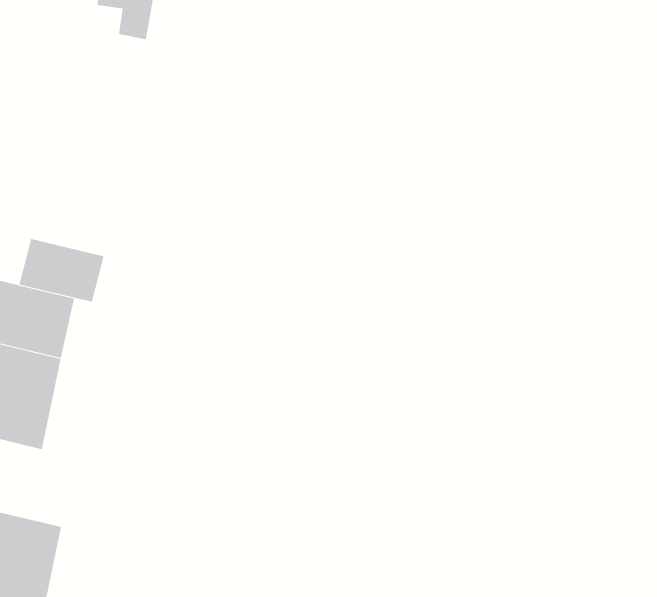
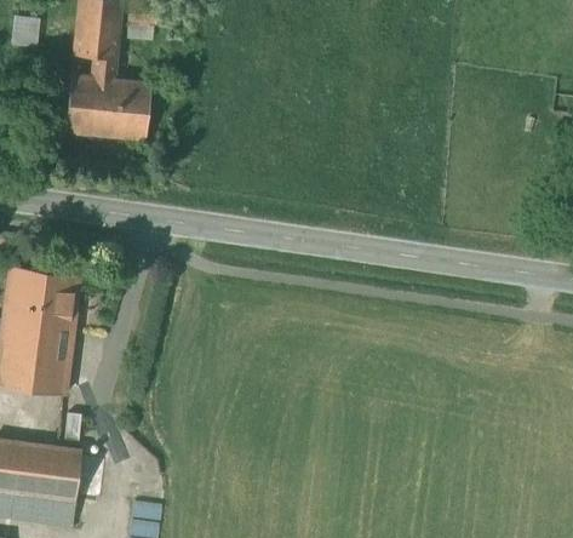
building: none -> [64,74,150,141]
building: [19,238,104,303] -> none

